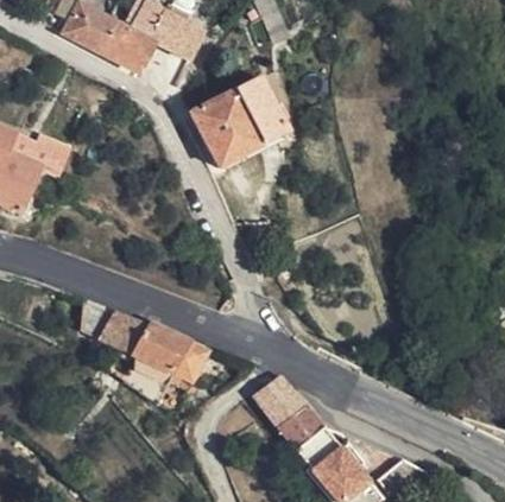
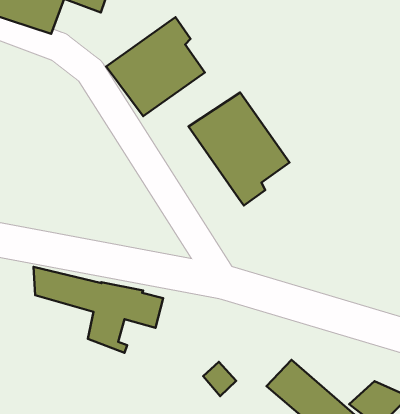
building: none -> [189,92,289,206]
building: [254,376,330,453] -> none

